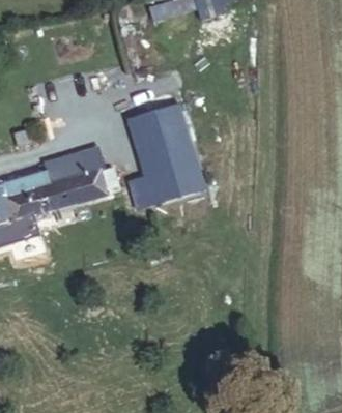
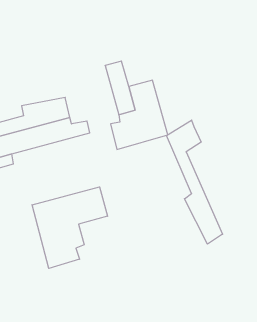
building: none -> [167,120,223,244]
building: none -> [32,187,108,268]

